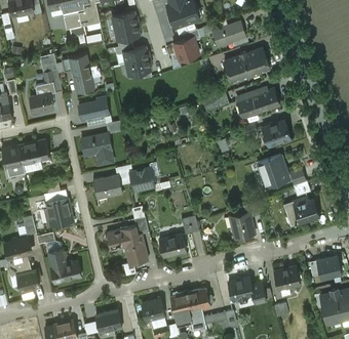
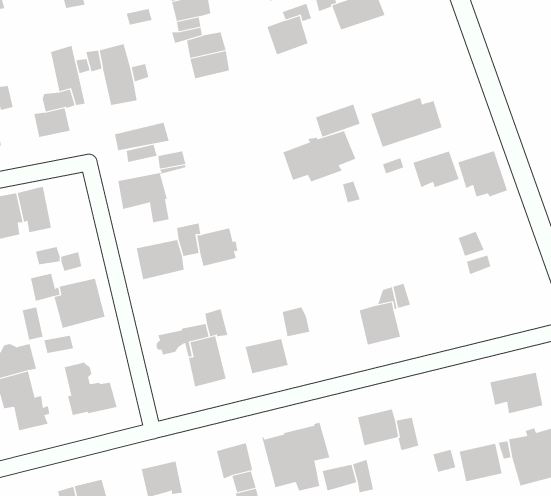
building: [224,48,269,80] -> [282,130,356,182]
building: [258,155,288,183] -> [457,150,508,197]
building: [283,197,318,224] -> none
building: [273,266,300,290] -> [459,443,503,482]

